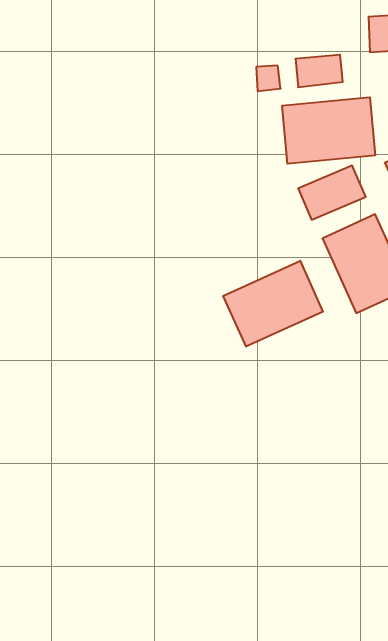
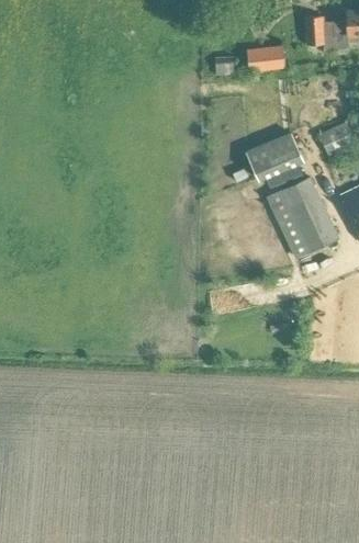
building: [282,97,375,164] -> none
building: [223,261,323,347] -> none

